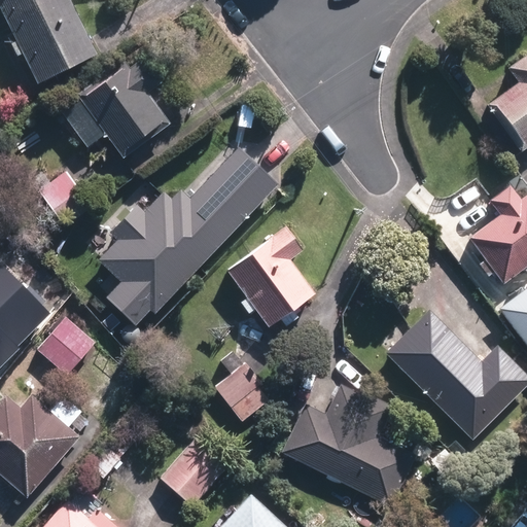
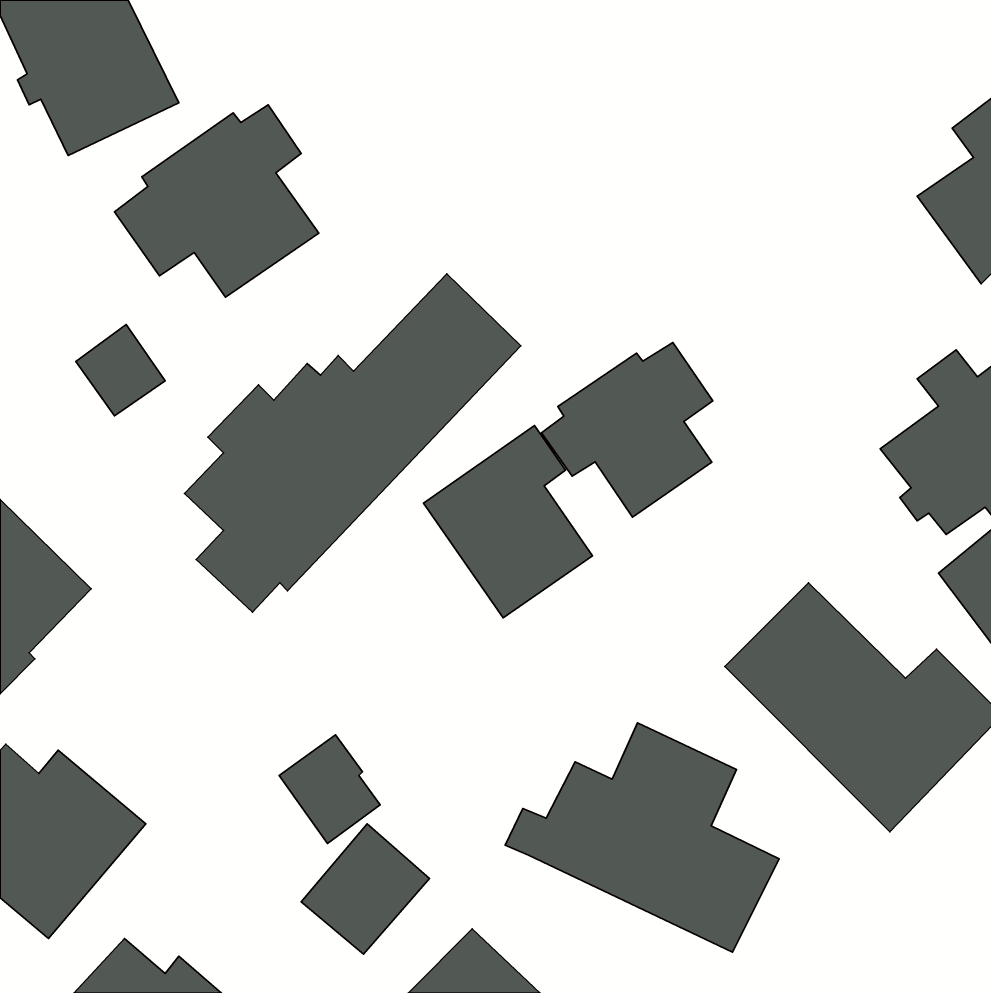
building: none -> [542,343,713,517]
building: [37,316,96,375] -> none
building: [216,364,270,422] -> [279,735,380,844]

